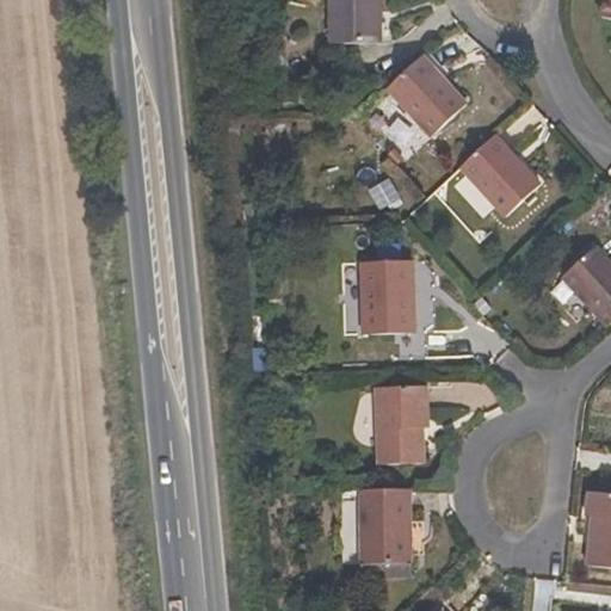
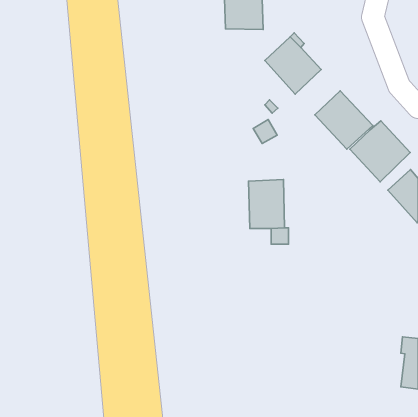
building: none -> [350,121,410,182]
building: [377,387,426,462] -> none
building: [360,489,409,562] -> none

